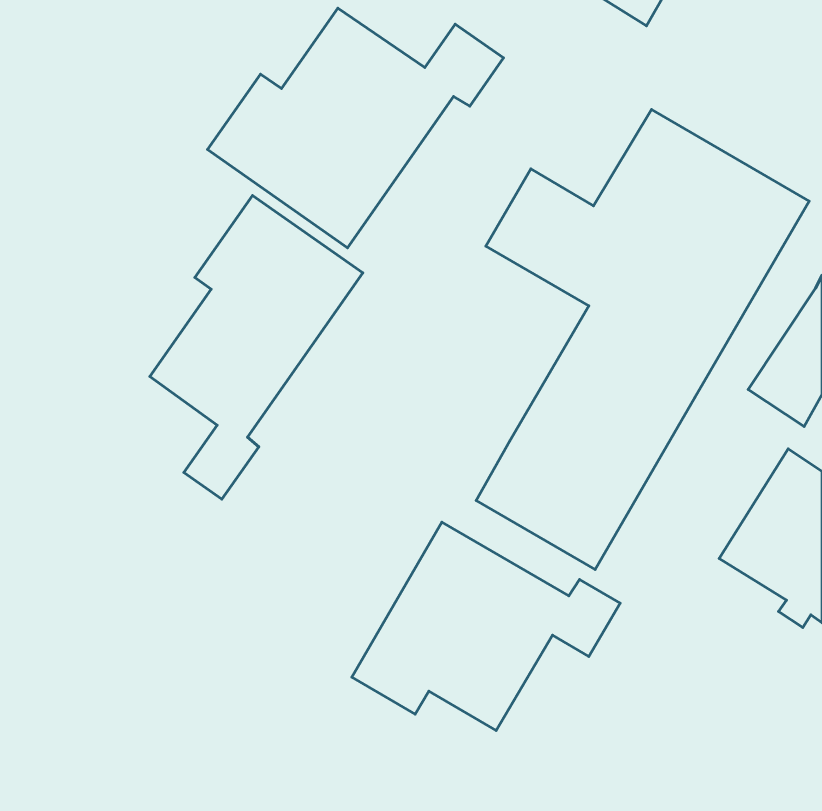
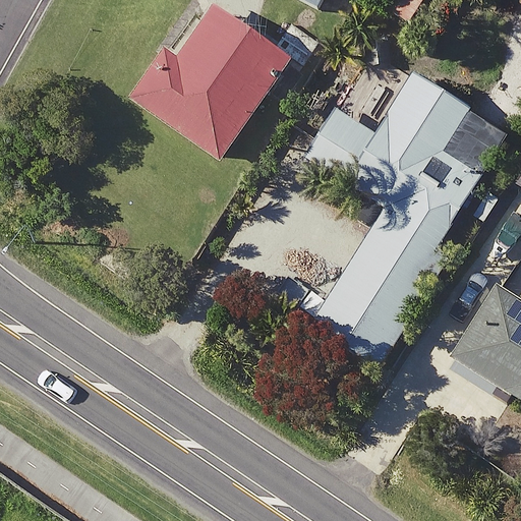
building: [150,195,363,499] -> none
building: [352,522,620,730] -> none

